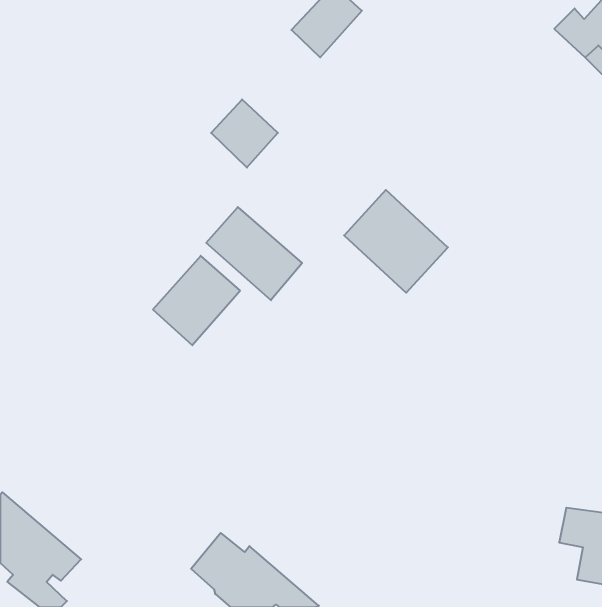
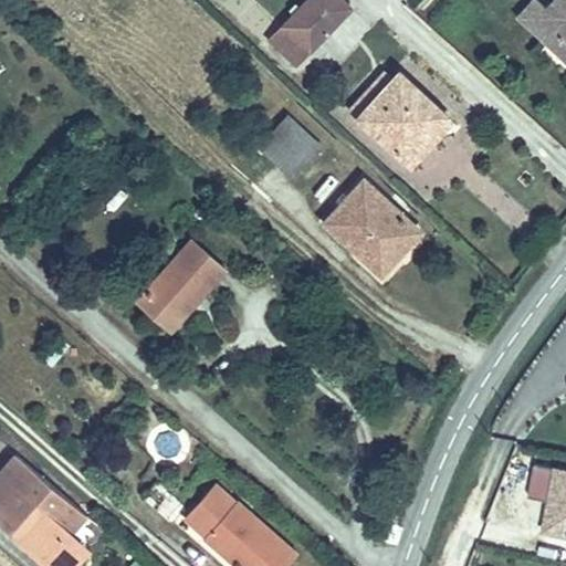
building: none -> [359,74,453,159]
building: [211,99,278,168] -> [261,111,323,174]
building: [206,207,302,300] -> none
building: none -> [133,286,186,338]

